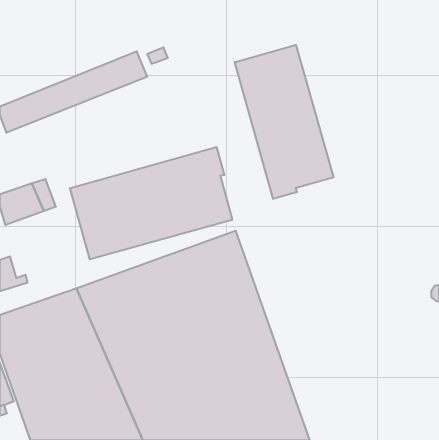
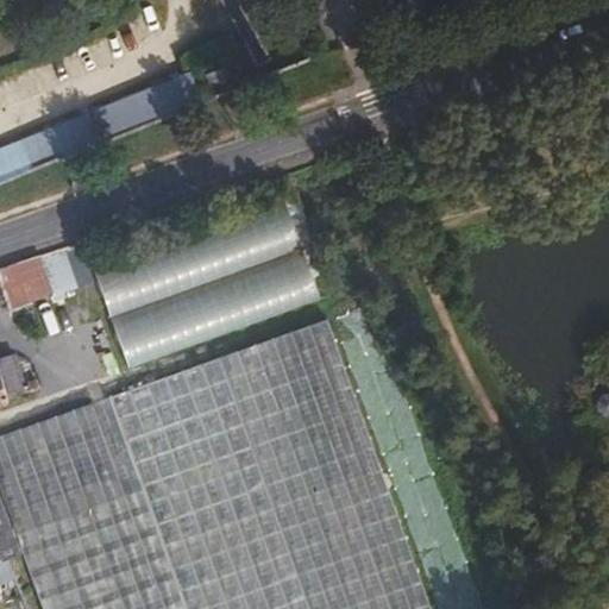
building: [235,45,334,199] -> none

